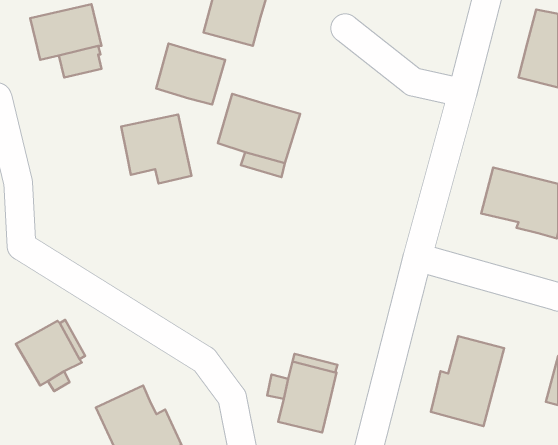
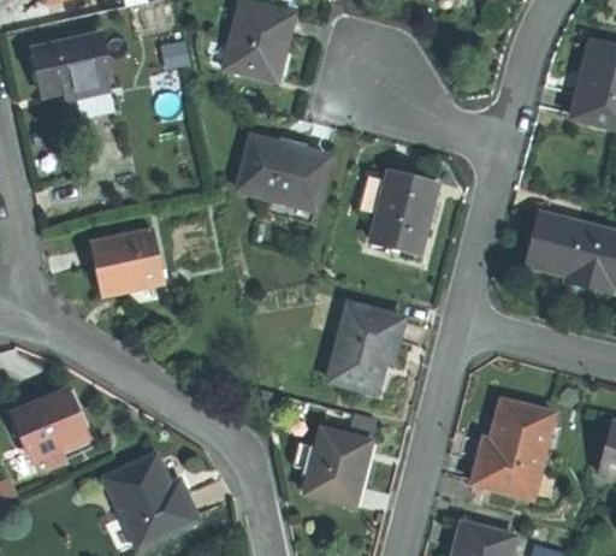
building: [156,44,225,104] -> none
building: [121,115,191,184] -> [90,230,167,306]
building: none -> [372,171,436,253]
building: none -> [330,306,401,391]

